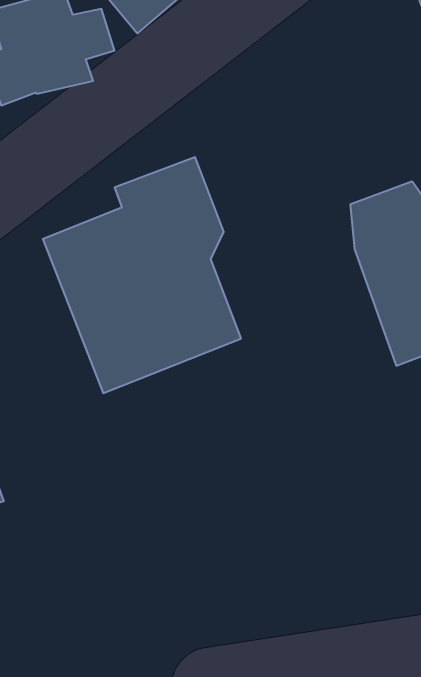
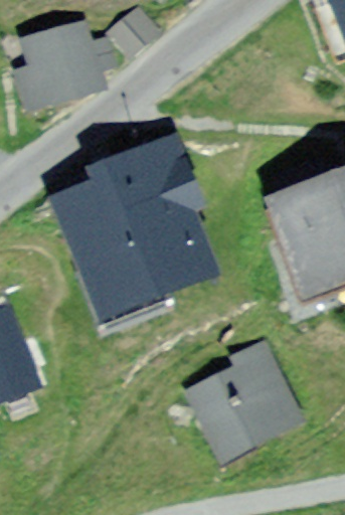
building: none -> [193,341,294,452]

